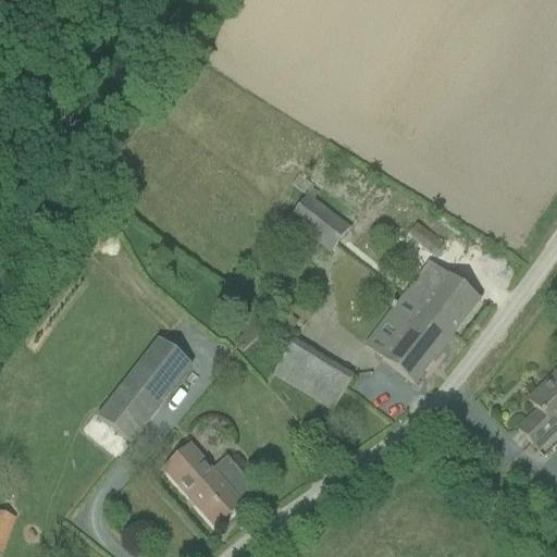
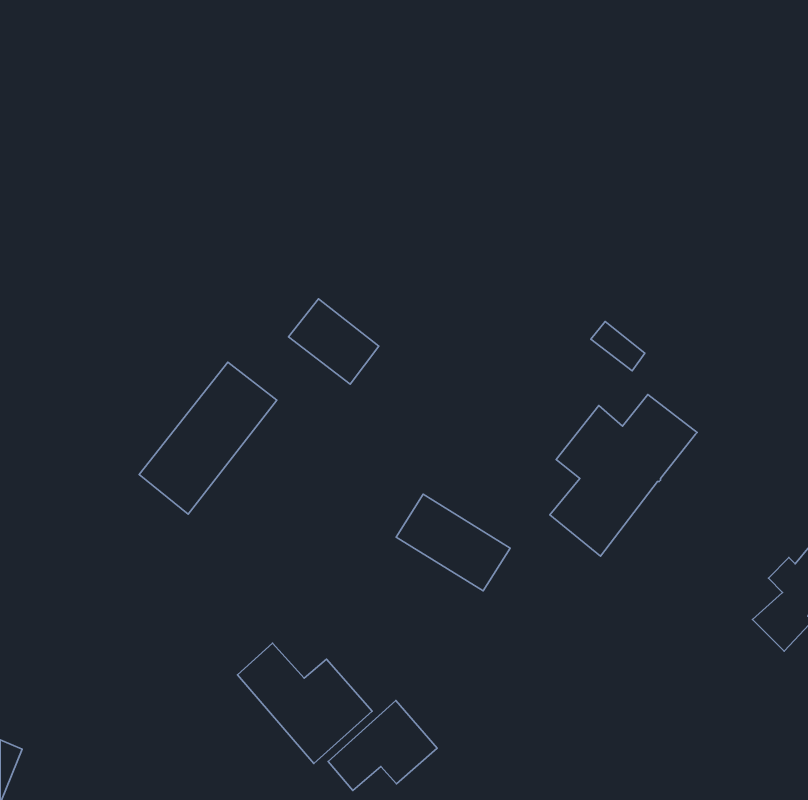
building: [287,190,349,249] -> [289,299,379,384]
building: [97,336,191,441] -> [139,362,277,514]
building: none -> [328,701,437,790]

